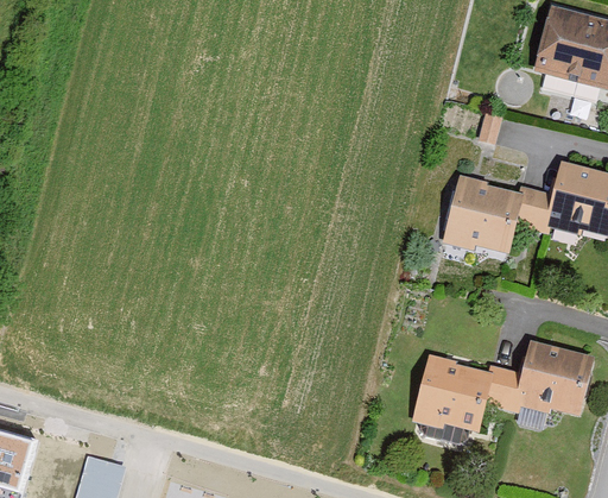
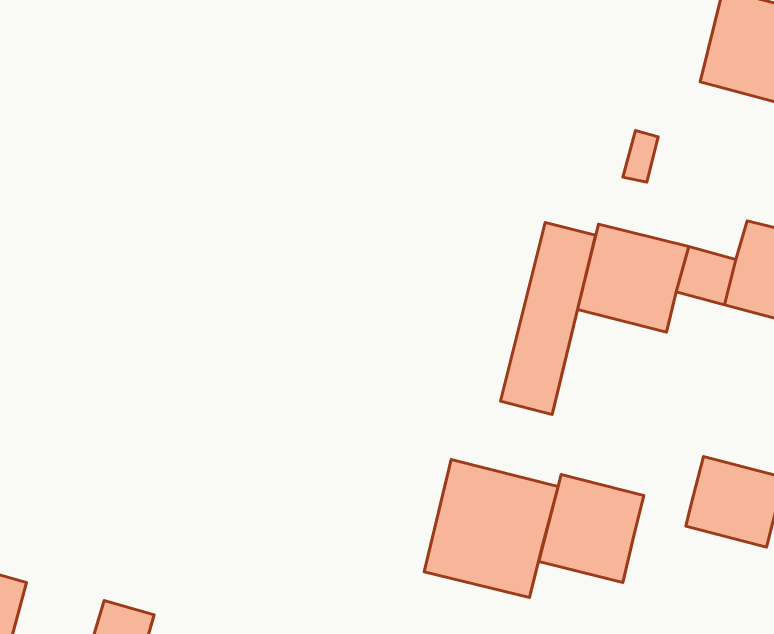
building: none -> [501,223,595,415]
building: none -> [424,460,558,598]
building: [481,373,522,411] -> none

